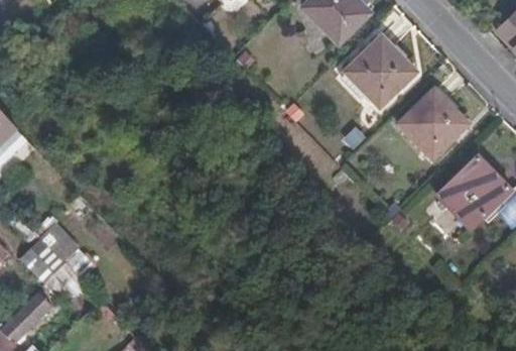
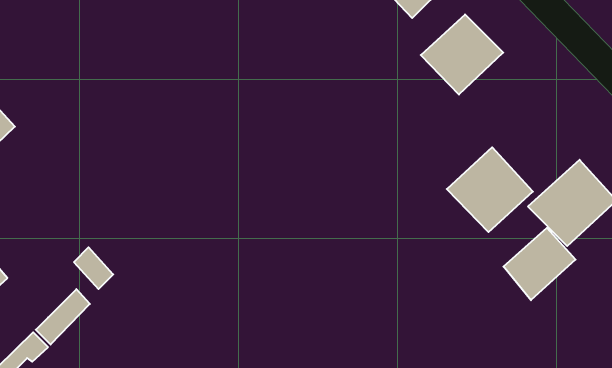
building: [398,92,469,161] -> [447,147,533,232]
building: none -> [503,228,576,300]
building: [24,234,66,287] -> none

